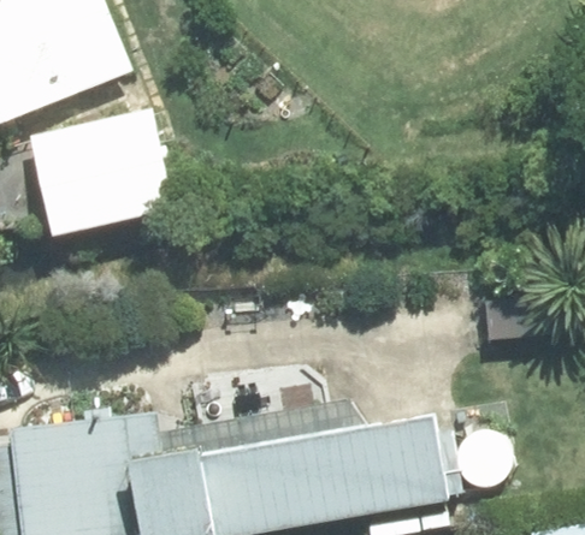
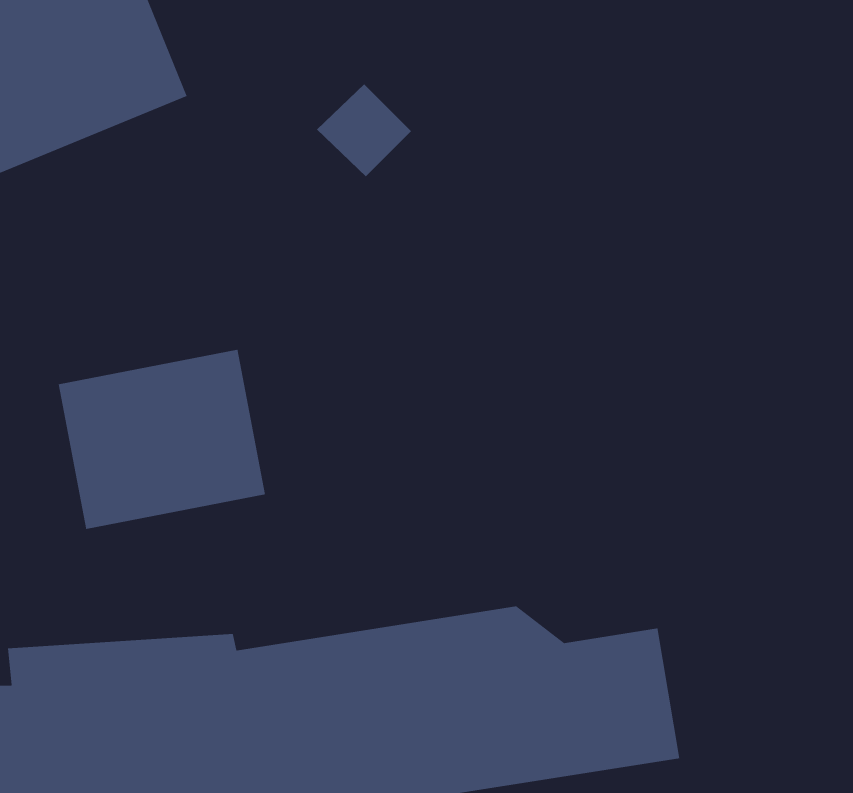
building: [32,115,169,233] -> [58,349,266,529]

